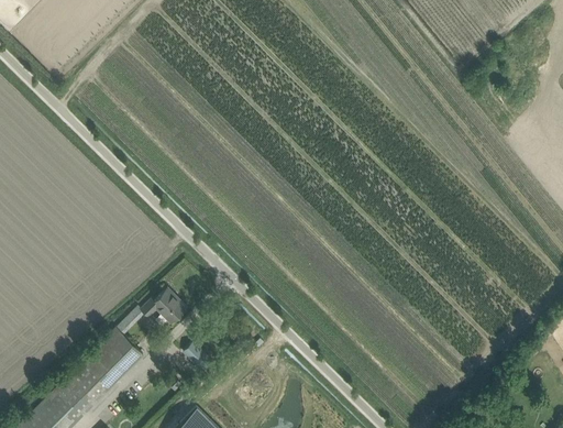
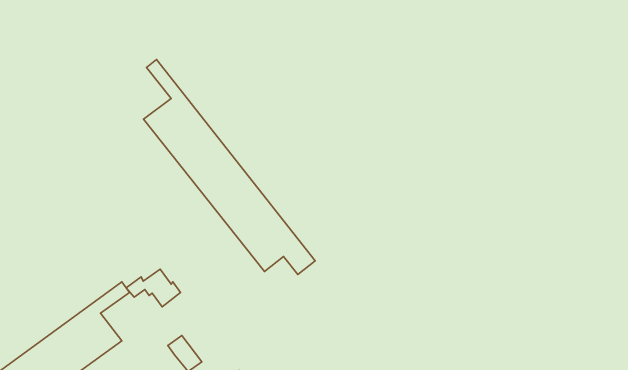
building: none -> [144,59,315,275]

